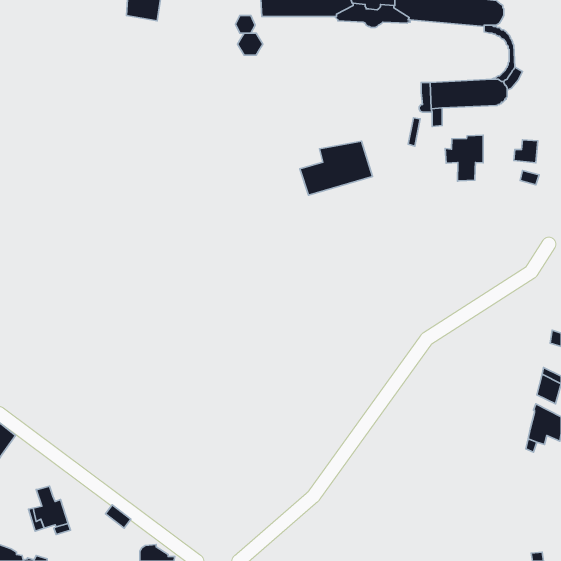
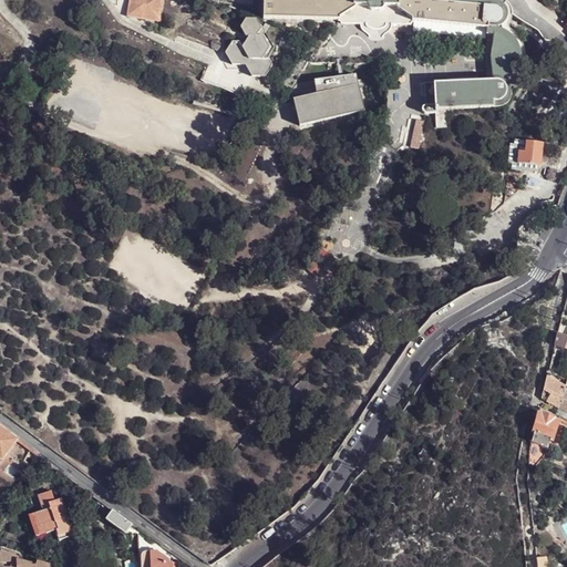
building: none -> [491,33,513,80]
building: none -> [221,38,268,73]
building: [445,135,483,181] -> none
building: [300,141,372,195] -> [290,71,363,125]

